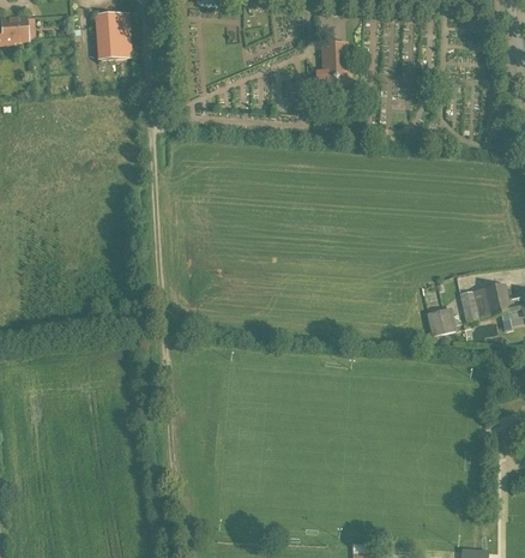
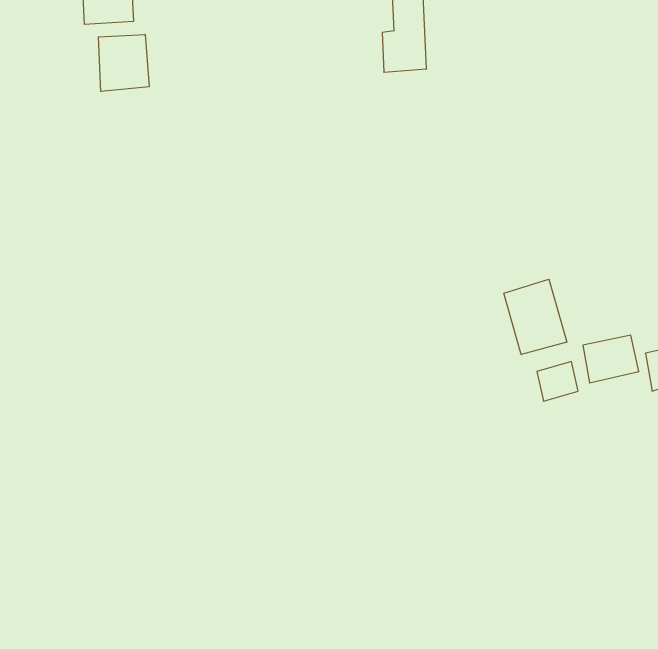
building: none -> [98,34,149,91]
building: none -> [504,279,567,355]

